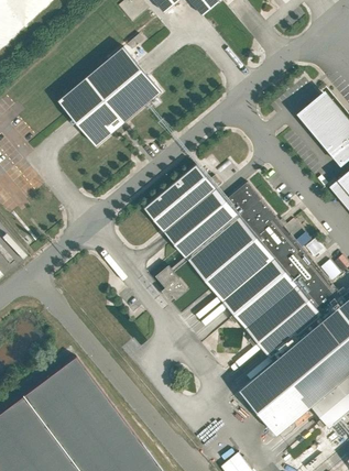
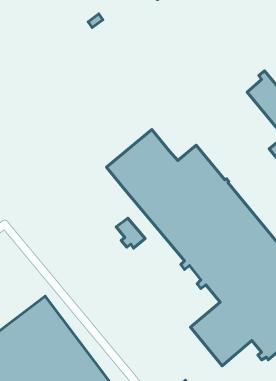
building: [58,46,161,145] -> none

